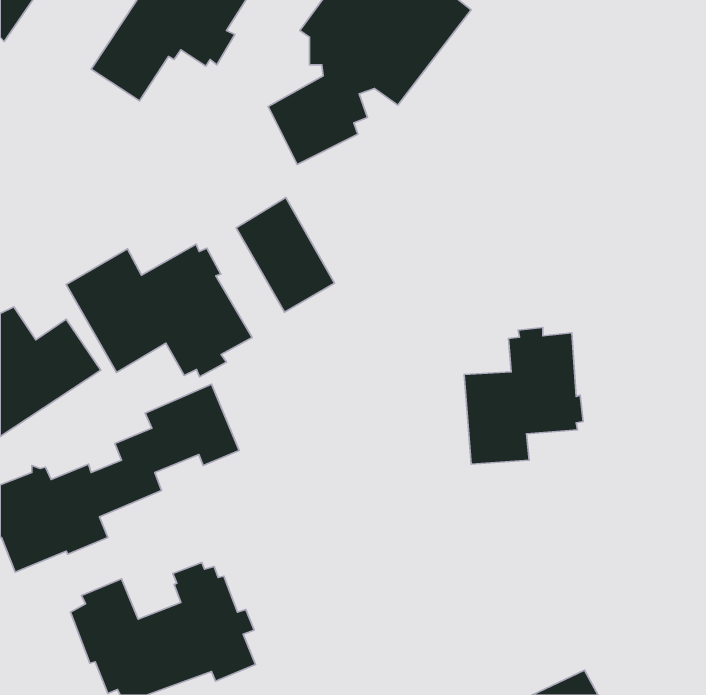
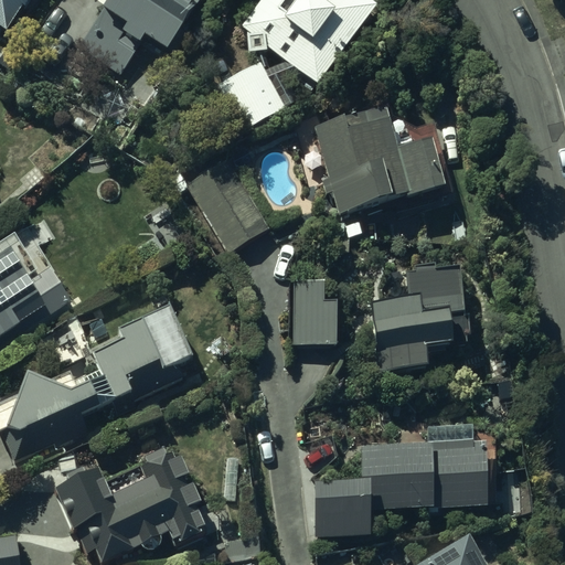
building: none -> [312,105,450,211]
building: [66,244,252,377] -> none
building: none -> [294,278,337,342]
building: none -> [311,424,489,535]

